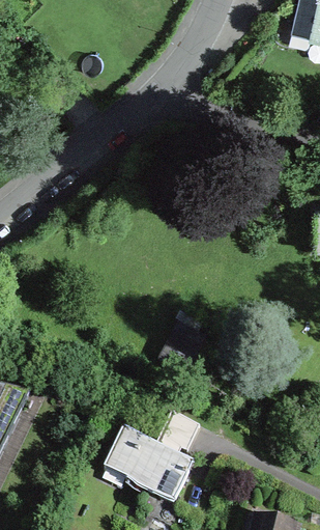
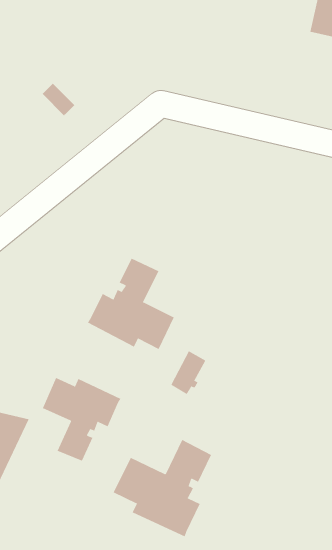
building: none -> [87,258,175,350]
building: none -> [42,377,121,462]

